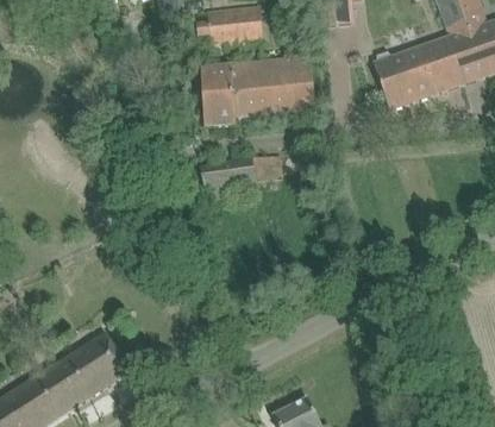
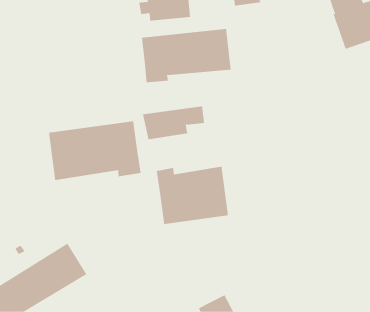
building: [372,37,463,109] -> none
building: none -> [49,121,141,181]
building: none -> [156,166,228,225]

